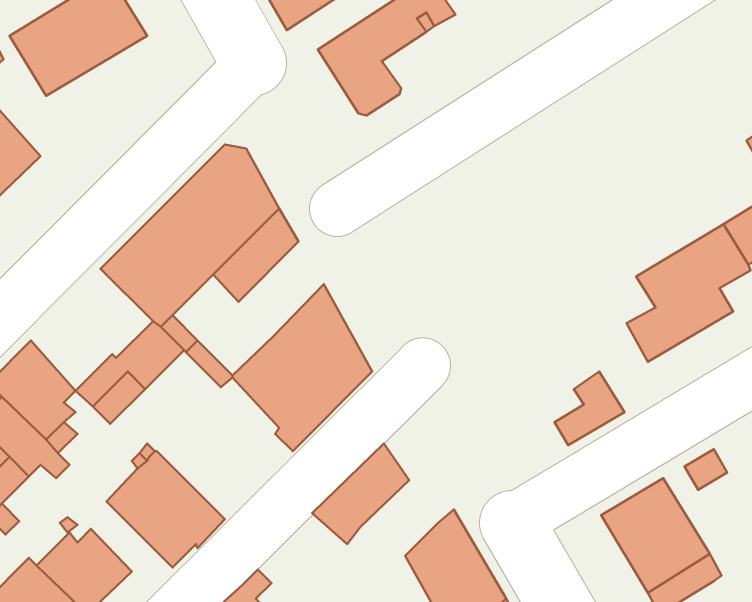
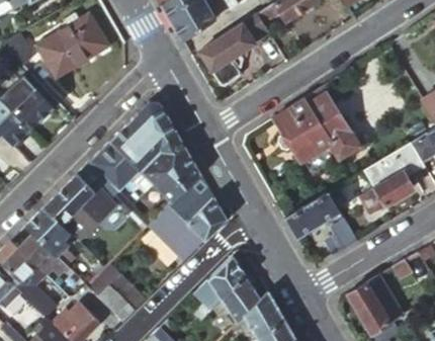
building: none -> [272,87,358,162]
building: none -> [156,152,200,201]
building: none -> [48,166,111,230]
building: none -> [283,192,343,240]
building: none -> [220,276,260,323]

